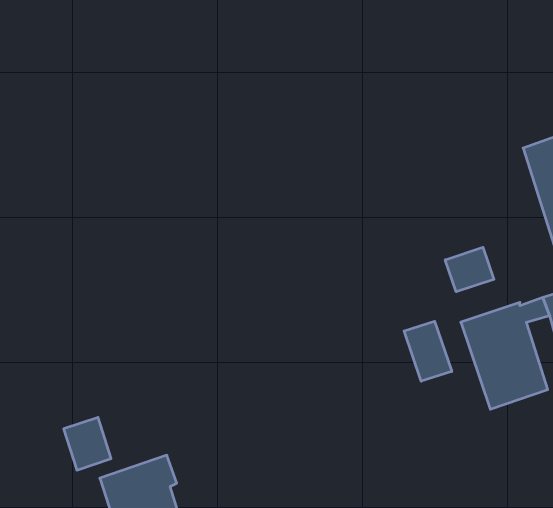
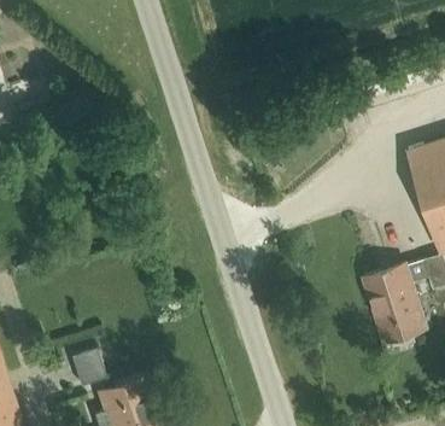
building: [445,247,494,292] -> none
building: [404,321,452,381] -> none

